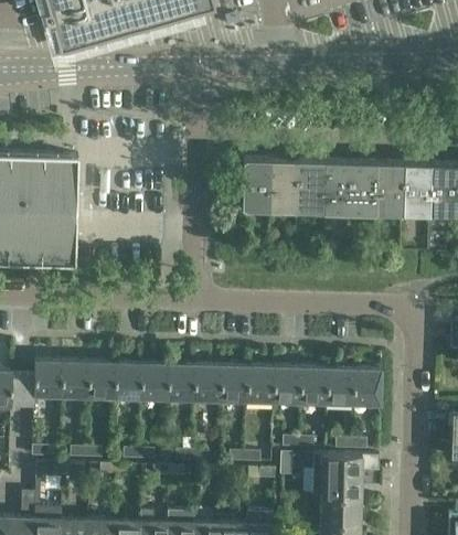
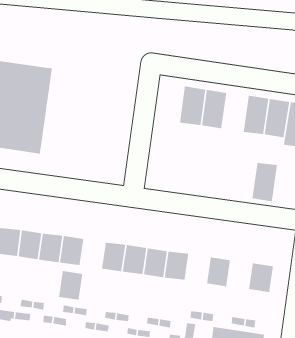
building: [296,163,323,211] -> [252,162,278,202]
building: [139,365,167,400] -> [58,270,83,301]
building: [271,368,299,404] -> none
building: [324,371,352,405] -> none

